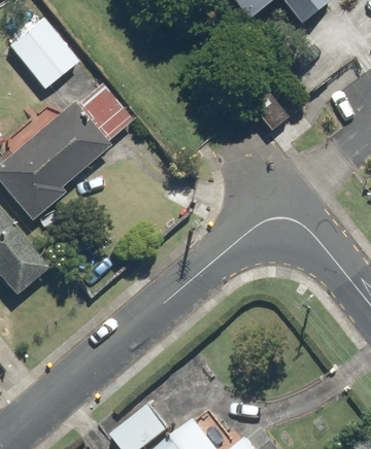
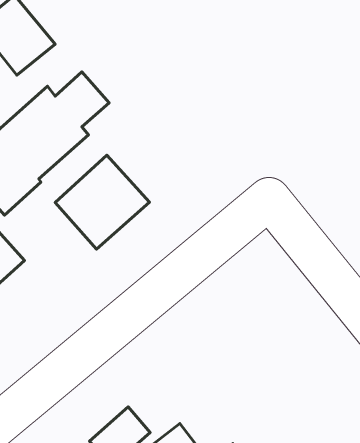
building: none -> [55,155,150,249]

